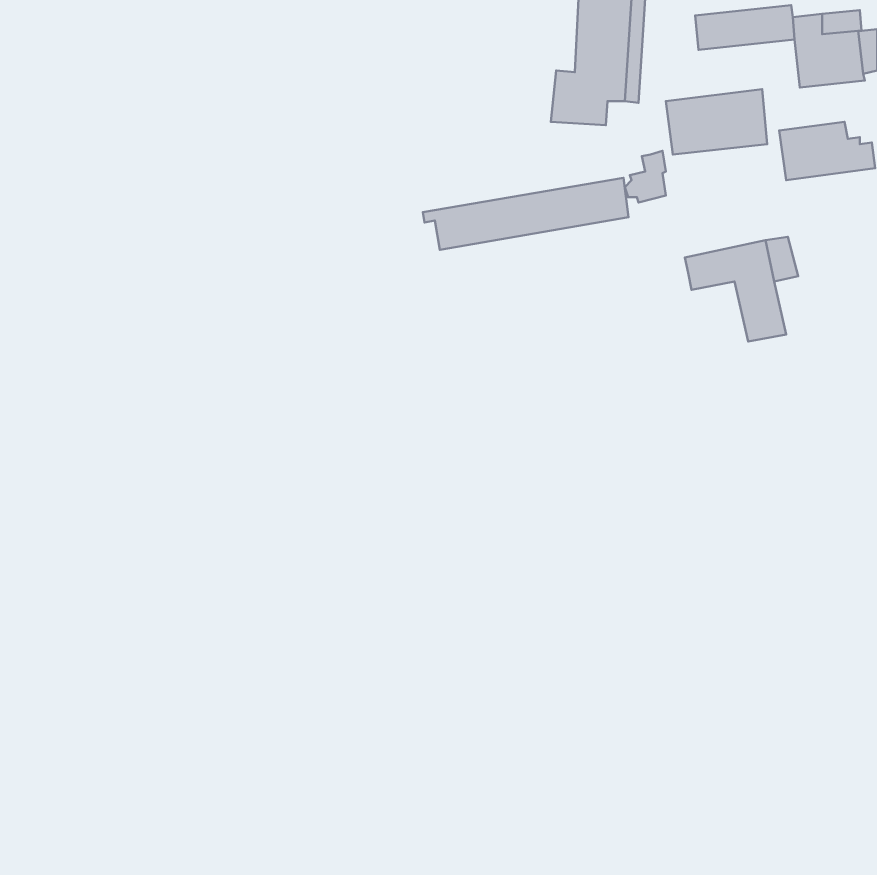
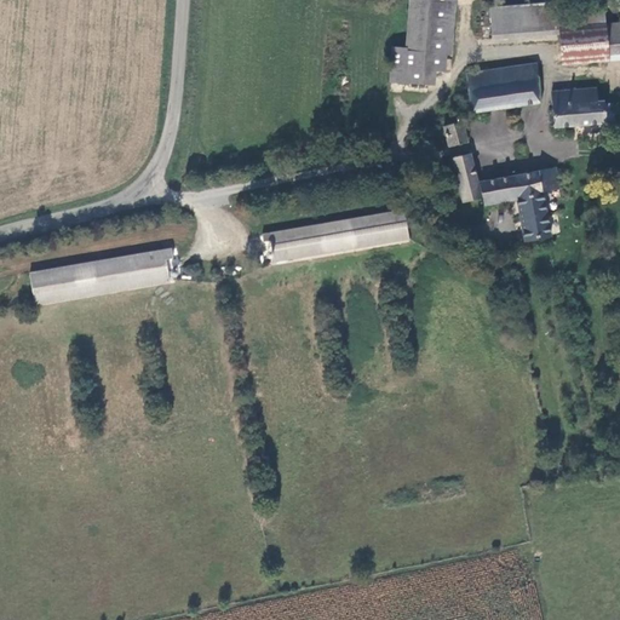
building: [423,178,629,250] -> [262,209,407,260]
building: none -> [452,154,482,201]
building: none -> [29,245,172,300]

